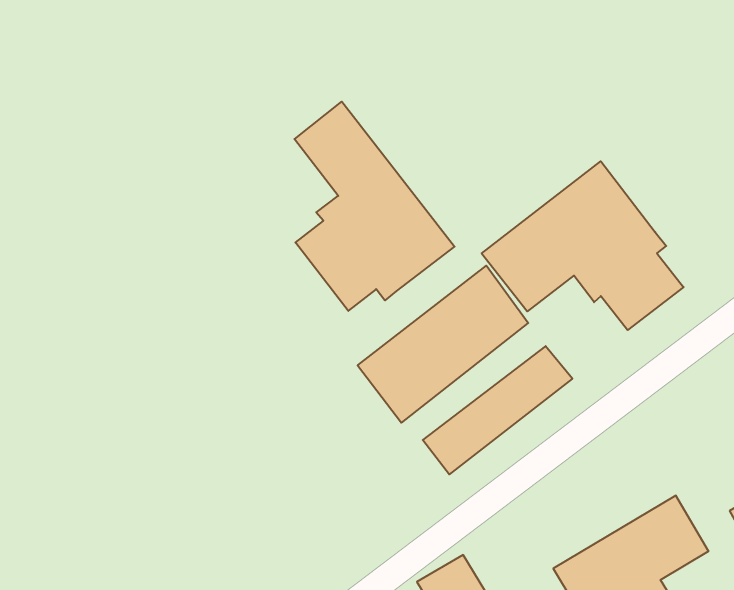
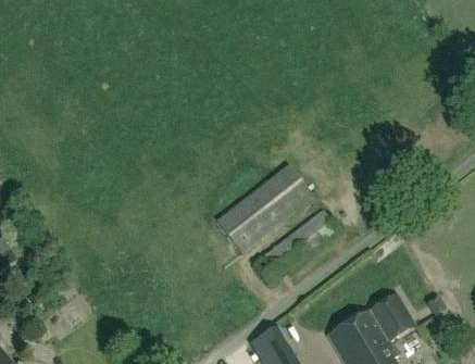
building: [294,102,455,311] -> none
building: [482,161,684,330] -> none

